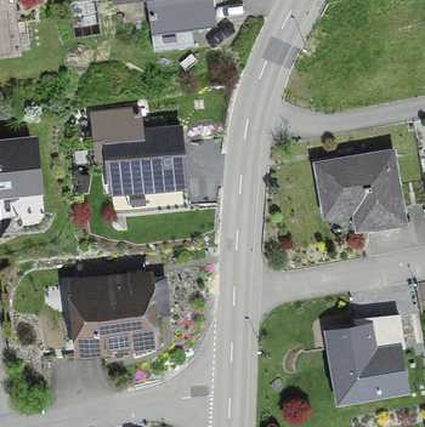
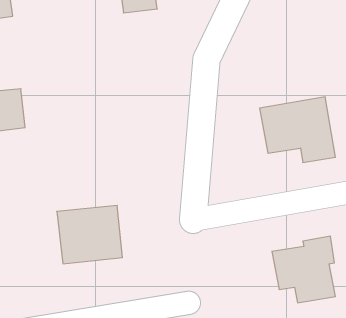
building: [104,110,183,187] -> none

